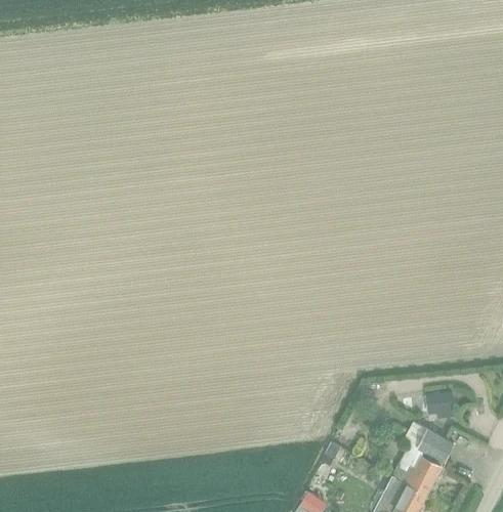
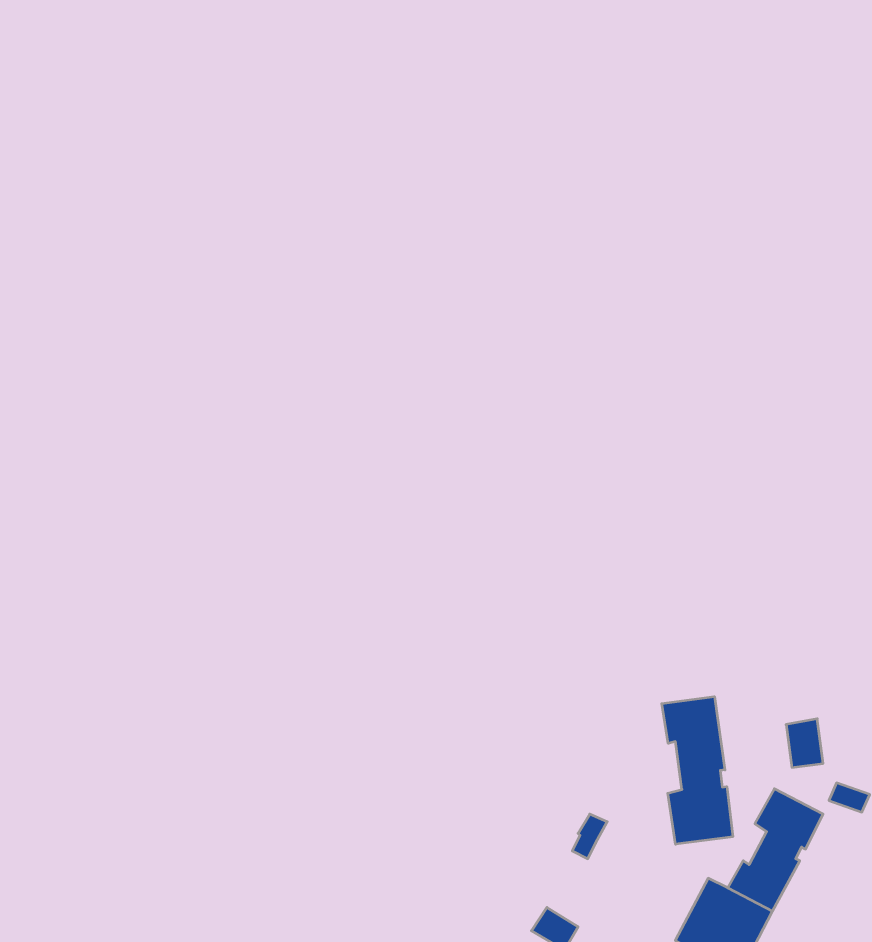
building: none -> [662,697,733,844]

